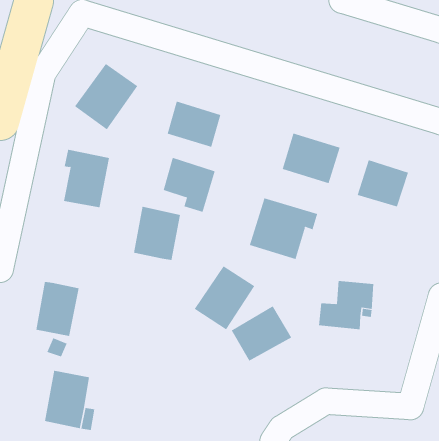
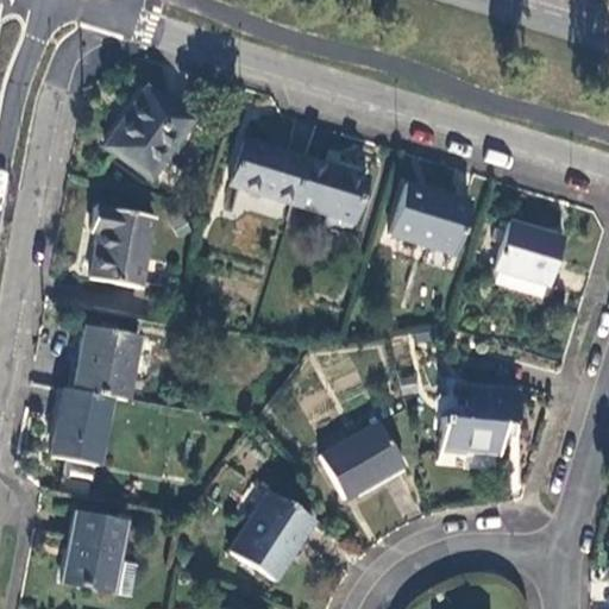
building: [163,157,215,212] -> [295,158,368,234]
building: [249,197,318,260] -> none
building: [133,206,181,261] -> [74,325,139,400]
building: [194,266,255,330] -> [231,491,315,580]

